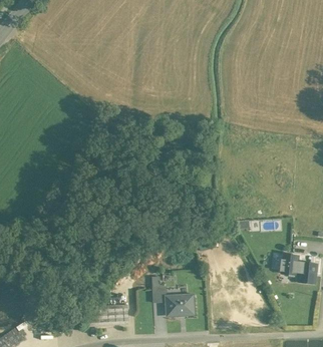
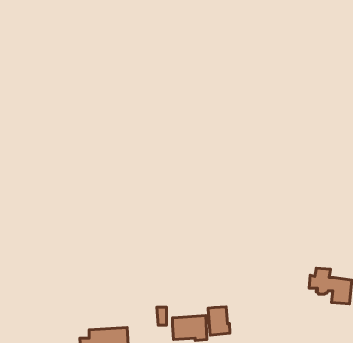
building: none -> [208,307,230,335]

